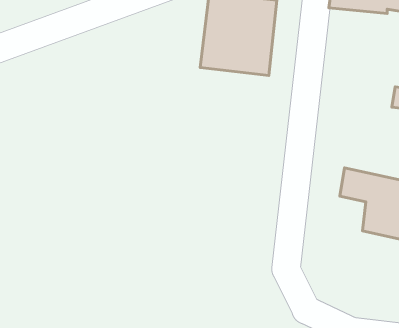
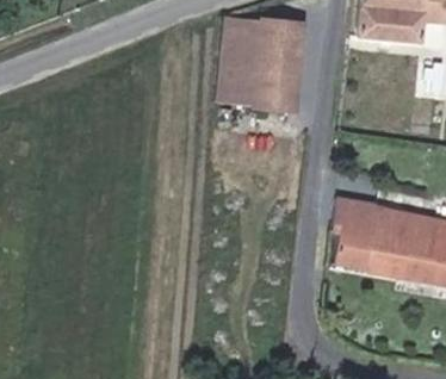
building: none -> [329,195,395,271]

